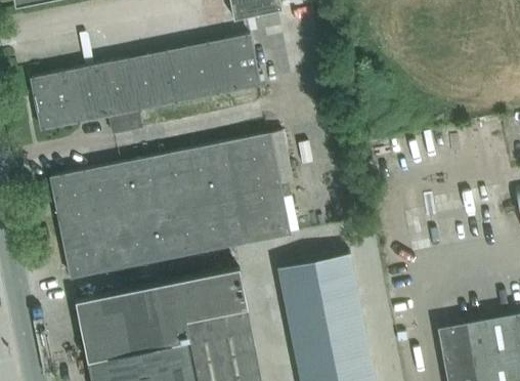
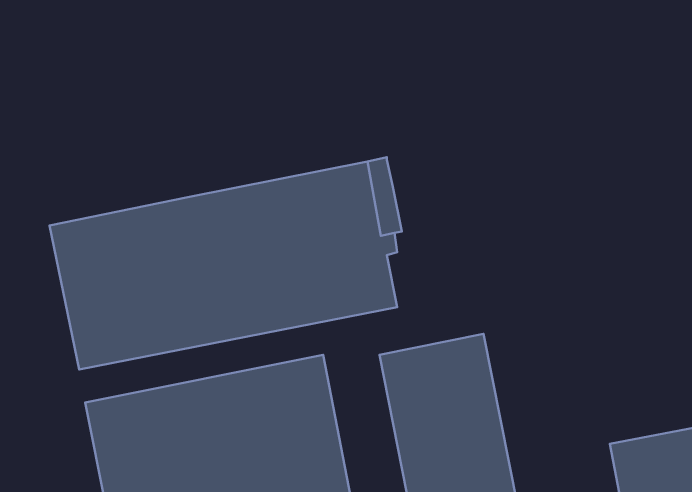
building: [31,36,260,135] -> none

